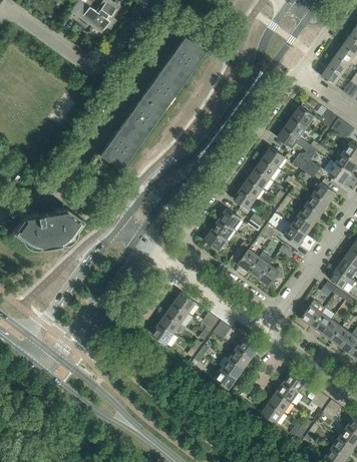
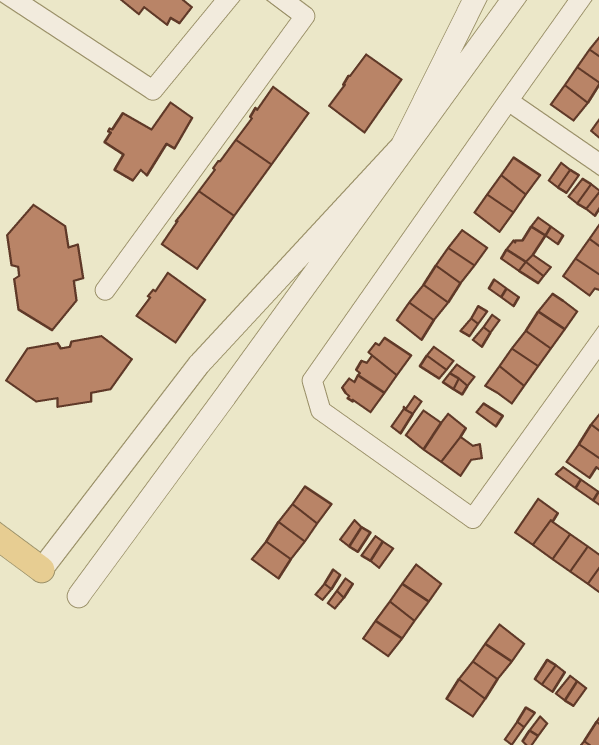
building: [163,37,205,81] -> [329,55,402,132]
building: none -> [105,102,192,180]
building: none -> [7,205,83,330]
building: none -> [136,273,205,342]

